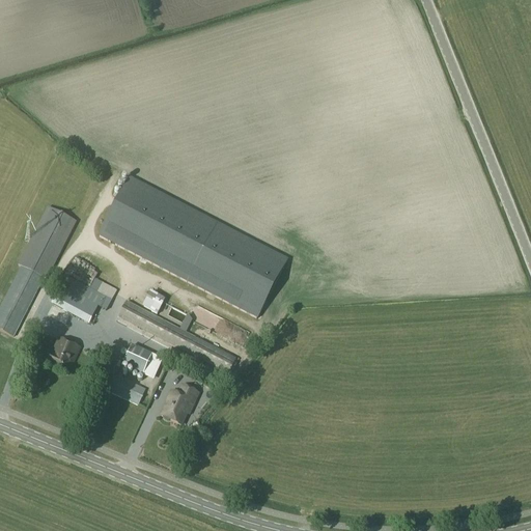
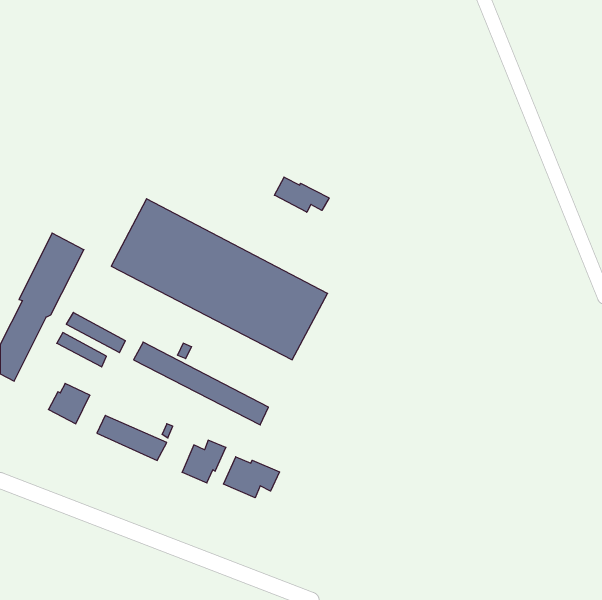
building: none -> [274,177,329,212]
building: [123,347,151,373] -> none
building: none -> [224,457,280,498]

